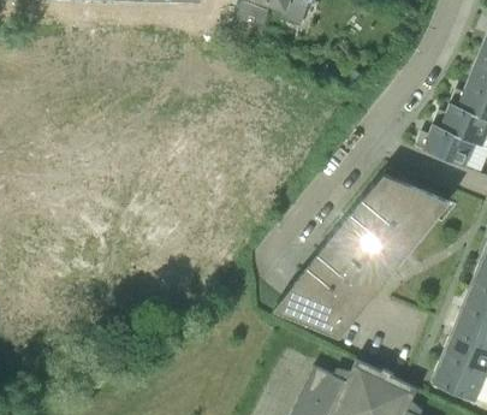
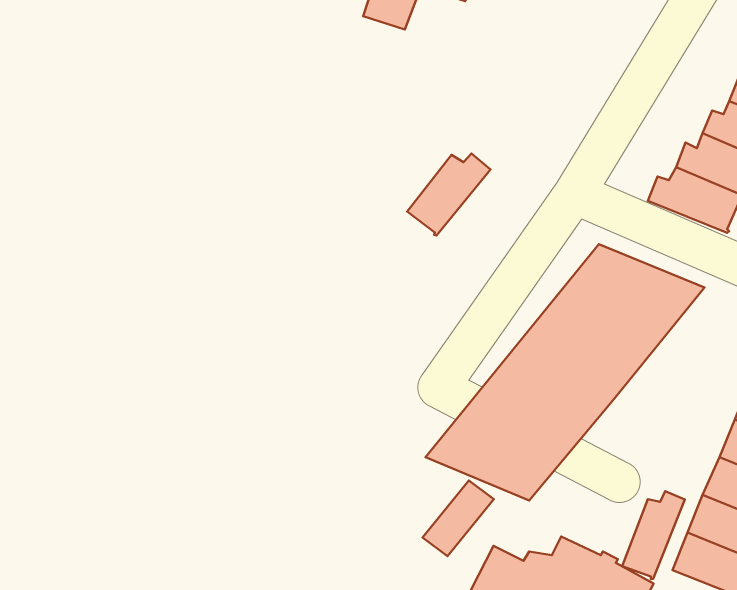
building: none -> [407,153,490,236]
building: none -> [422,481,494,556]
building: none -> [622,491,685,579]

